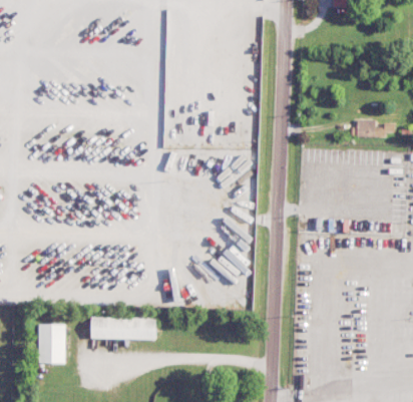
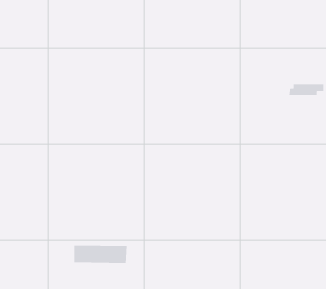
building: [38,325,65,364] -> none

